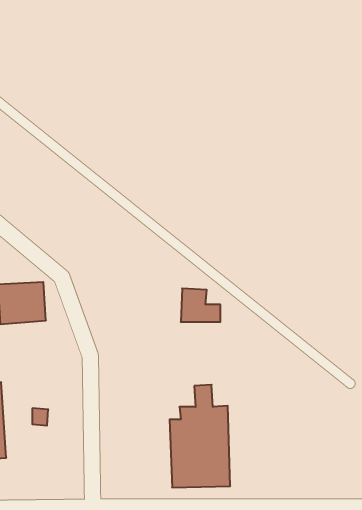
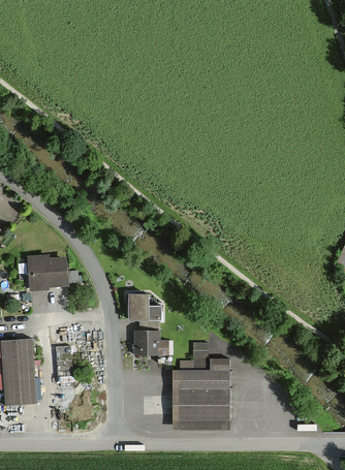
building: [181,288,220,322] -> [129,292,162,320]
building: none -> [135,331,168,363]

